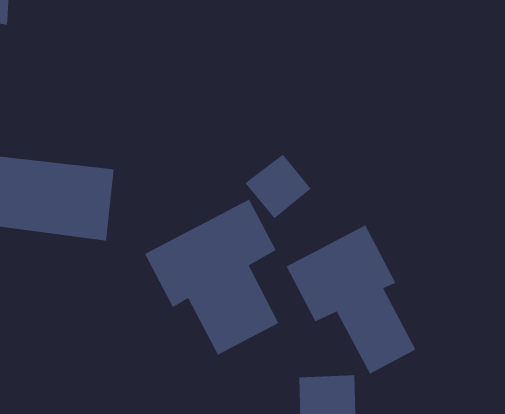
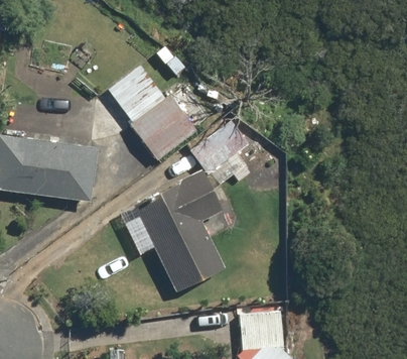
building: none -> [108,63,197,161]
building: [286,225,416,374] -> none

